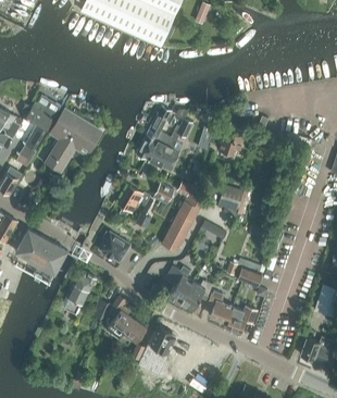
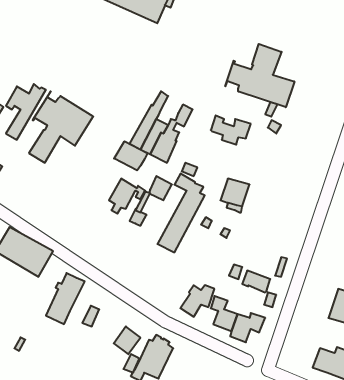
building: none -> [225,44,294,107]
building: none -> [114,141,148,170]
building: [98,232,129,263] -> none
building: [165,265,194,304] -> none
building: [105,296,133,339] -> none

